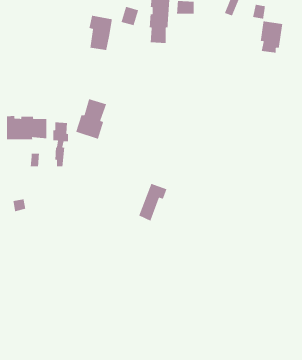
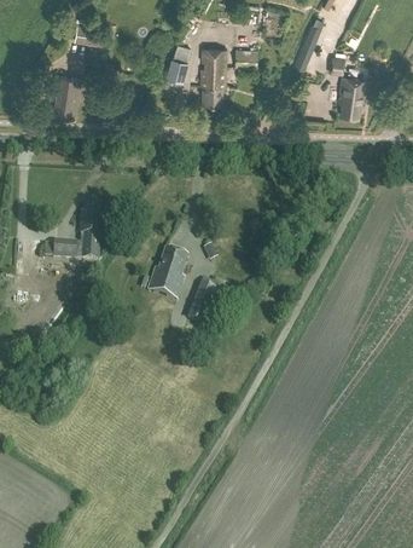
building: [88,15,113,51] -> [52,75,82,120]
building: [75,98,107,140] -> [149,248,188,300]
building: [6,115,47,140] -> none

